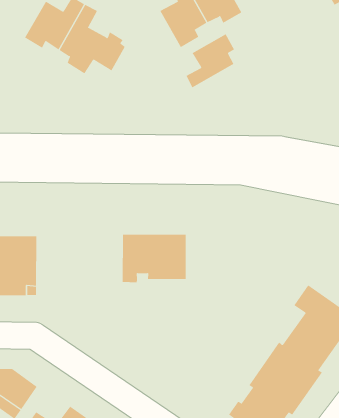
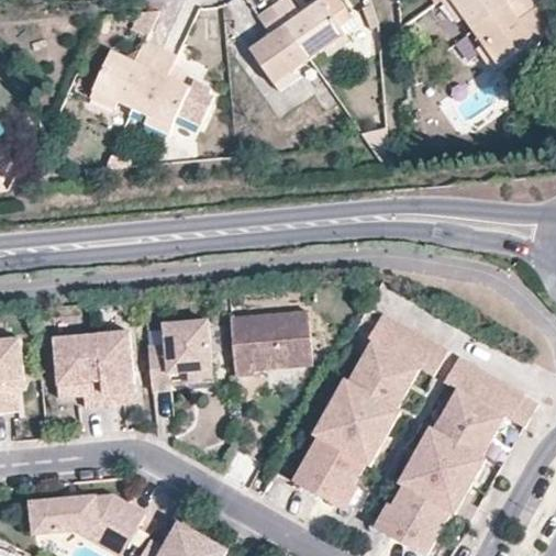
building: [186,33,235,88] -> none
building: none -> [146,319,210,390]
building: none -> [291,313,446,504]

